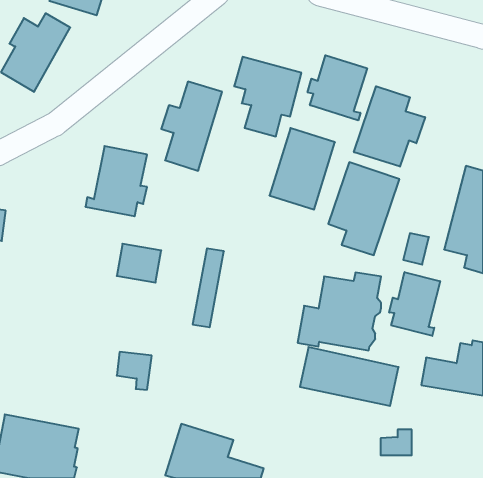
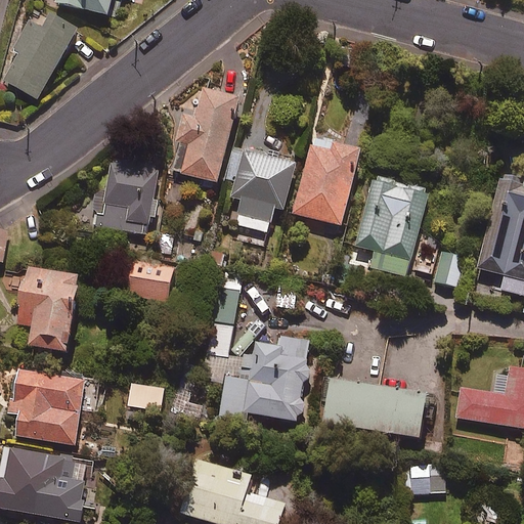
building: [308,55,367,120] -> none
building: [234,57,301,136] -> [222,145,295,231]
building: [354,86,425,167] -> none
building: none -> [16,267,78,357]
building: [389,272,440,336] -> none
building: [298,273,381,350] -> [218,337,308,421]
building: none -> [10,370,85,446]

